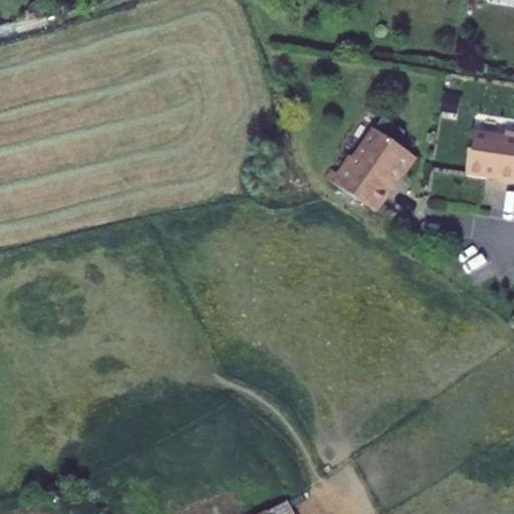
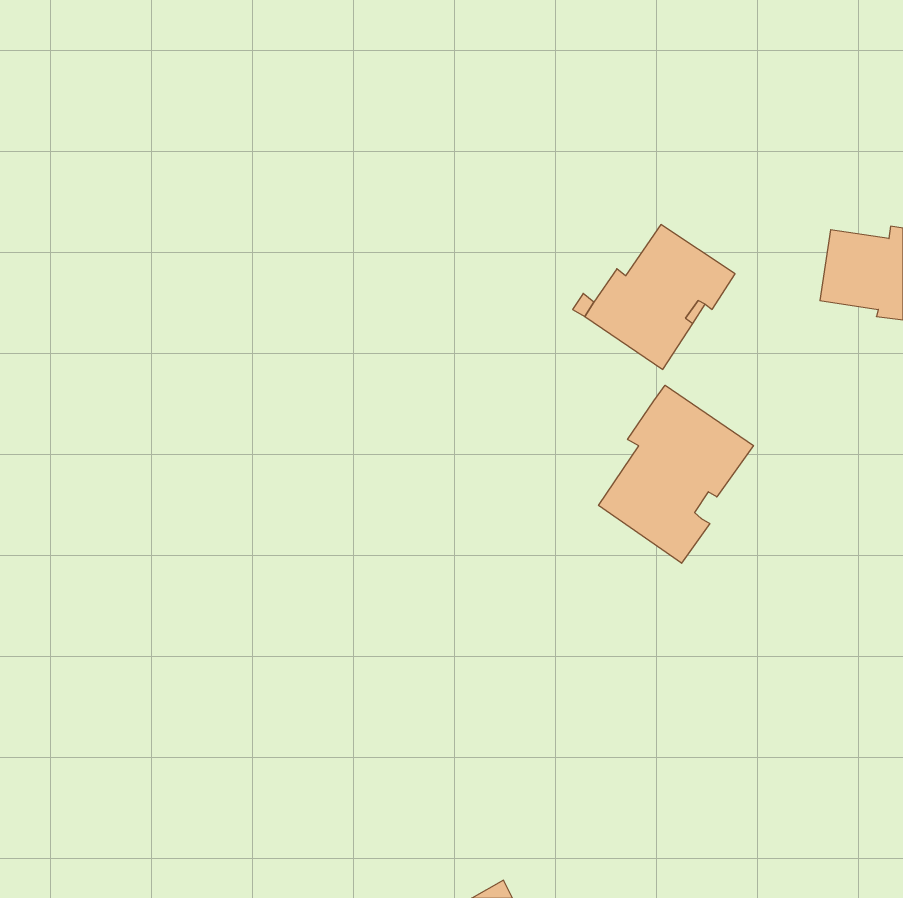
building: none -> [599,385,753,563]

